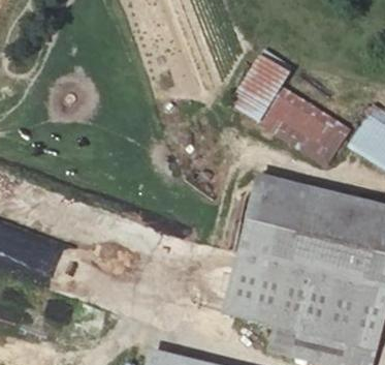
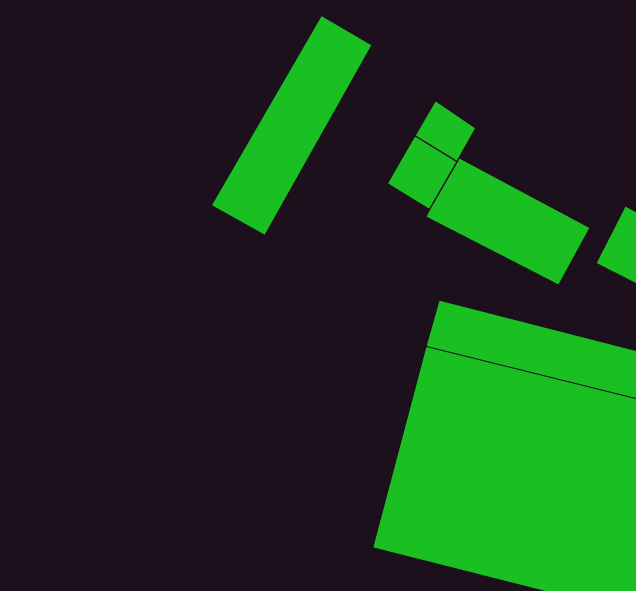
building: none -> [211,15,372,235]

